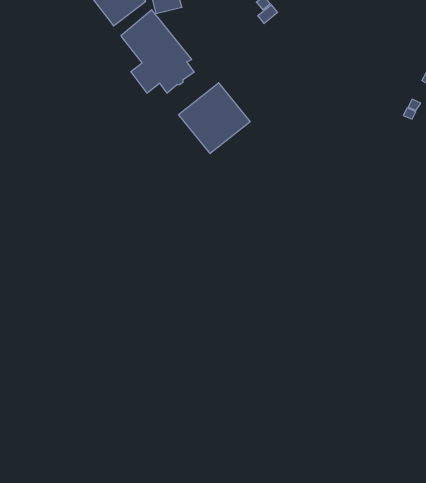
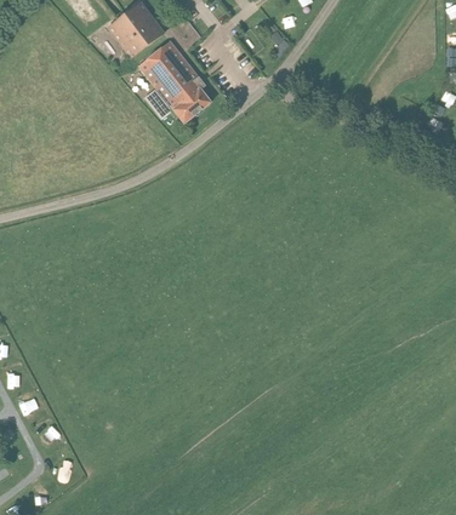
building: [179,83,250,154] -> none

